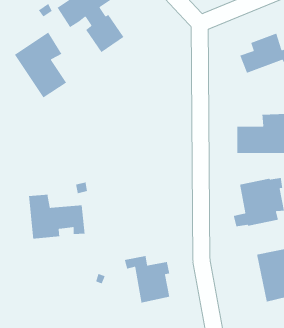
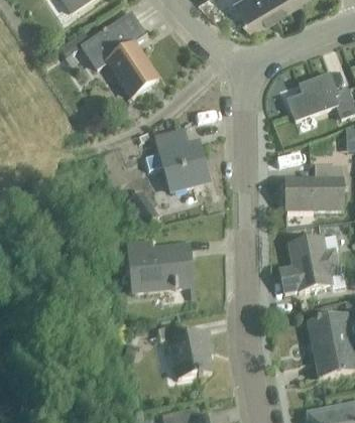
building: [14,32,67,99] -> none
building: none -> [145,130,208,188]
building: [28,194,85,239] -> [127,239,192,290]

